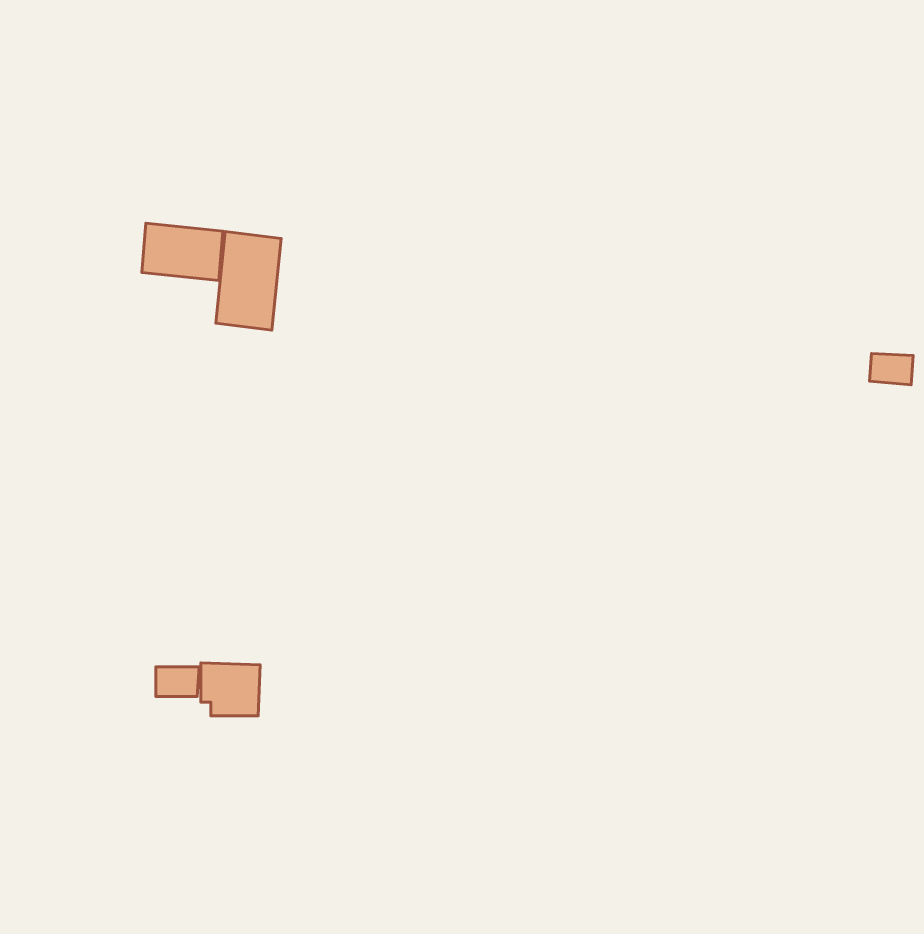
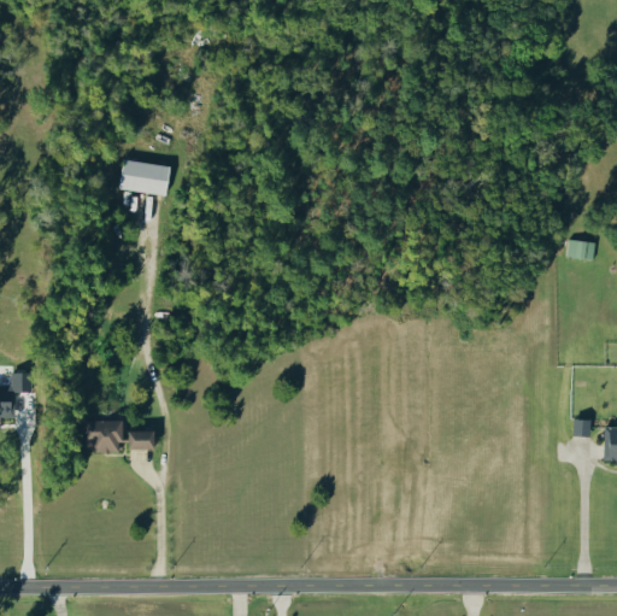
building: [216,232,281,330] -> none
building: [201,663,260,716] -> [87,420,123,452]

